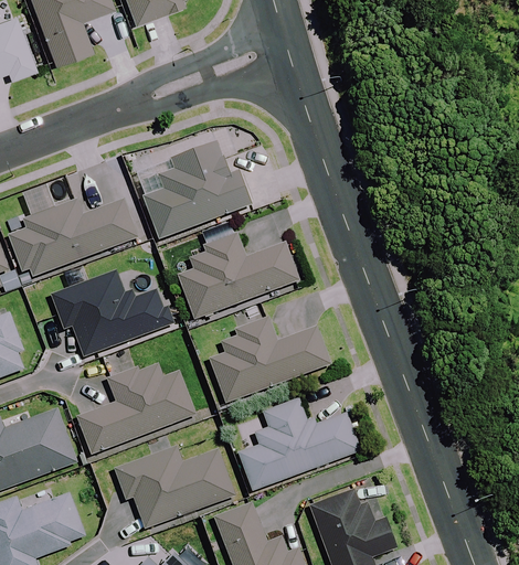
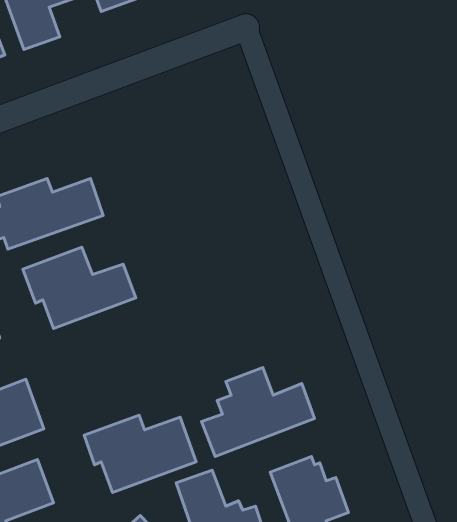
building: [144,145,248,238] -> none
building: [179,234,297,319] -> none
building: [211,317,329,402] -> none
building: [78,363,194,452] -> none

